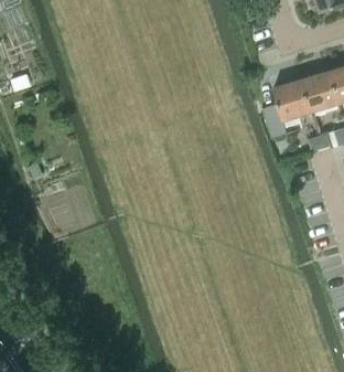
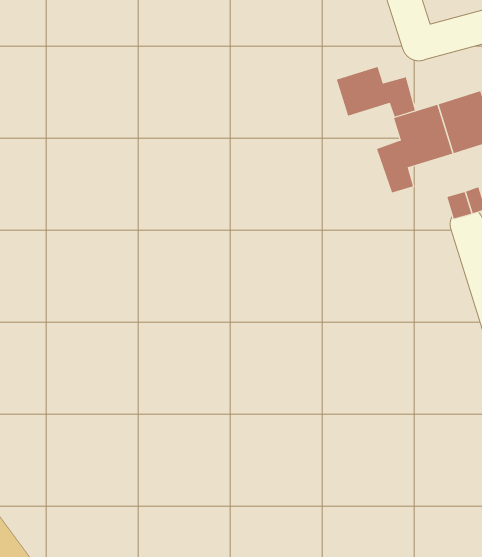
building: none -> [336,66,415,117]

